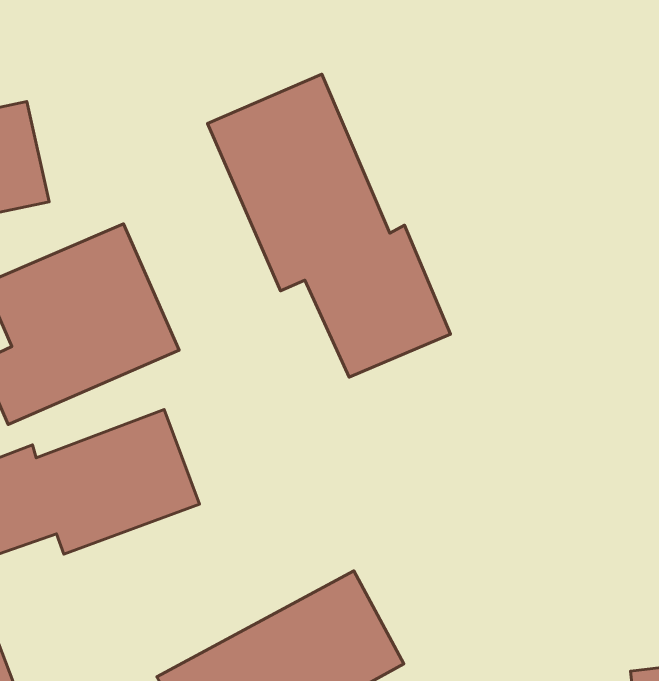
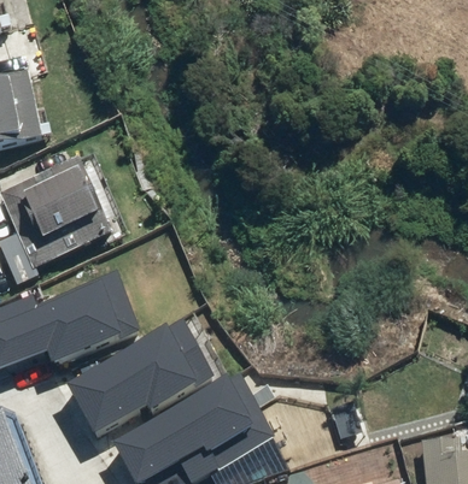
building: [207,74,451,377] -> none
building: none -> [66,321,215,435]

